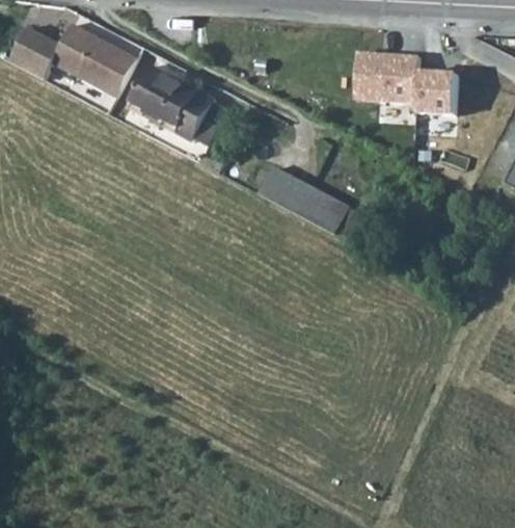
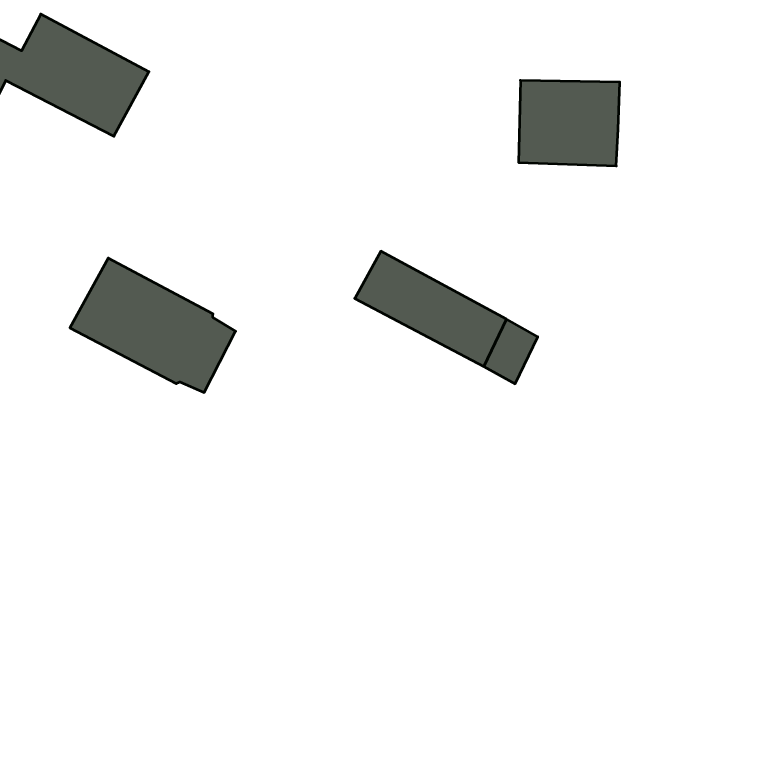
building: [126,58,224,138] -> [70,258,236,392]
building: [411,87,454,128] -> none

